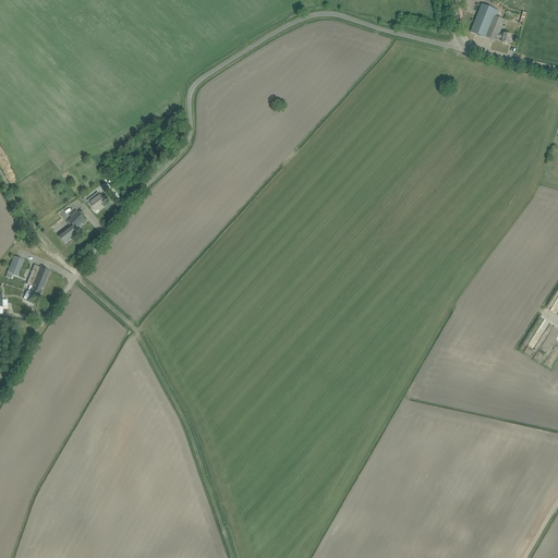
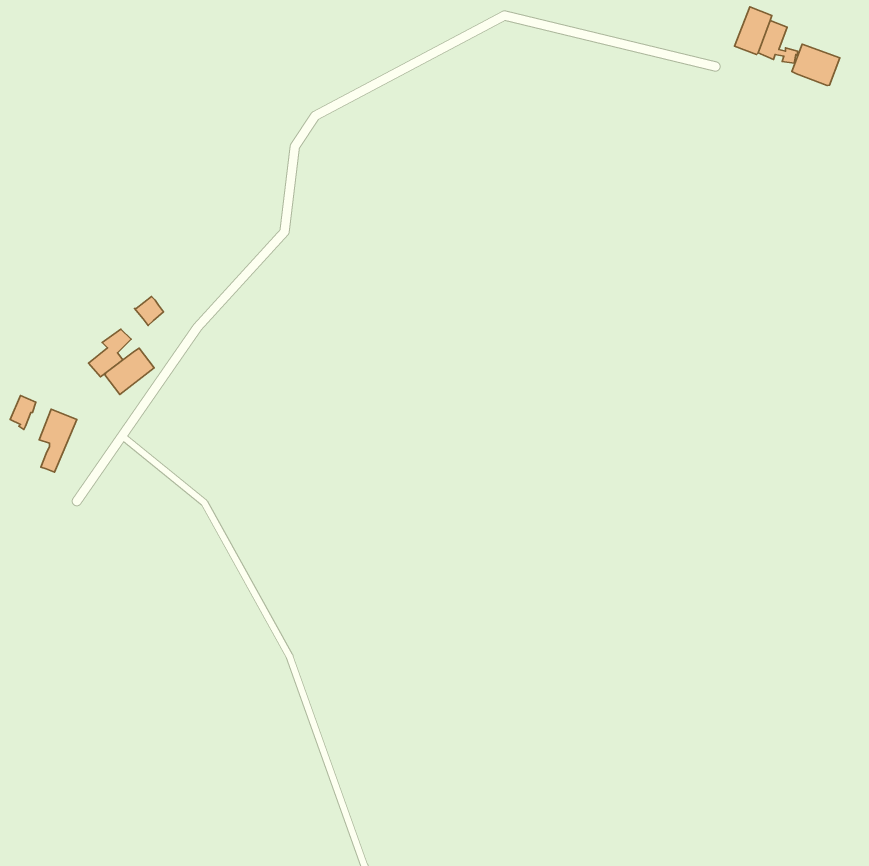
building: none -> [792,44,840,86]
building: none -> [105,348,154,394]

